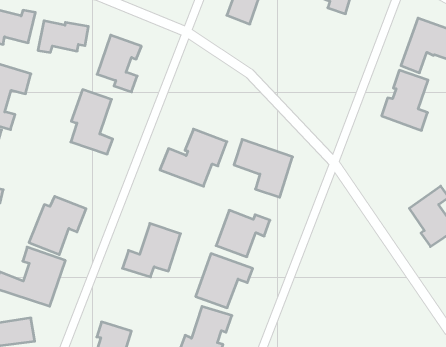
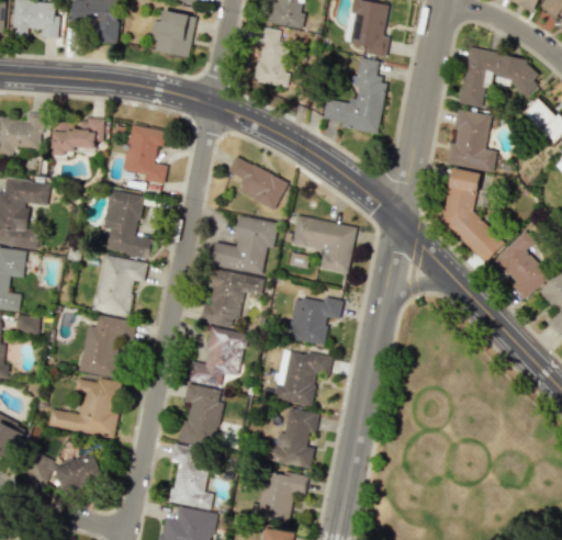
building: none -> [323,57,386,133]
building: none -> [227,156,286,209]
building: none -> [441,167,505,262]
building: none -> [93,254,146,316]
building: none -> [199,269,261,326]
building: none -> [178,384,221,447]

